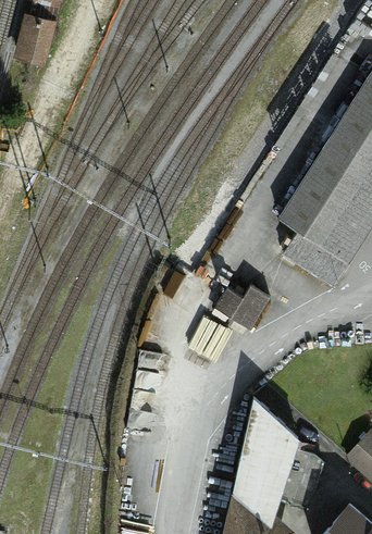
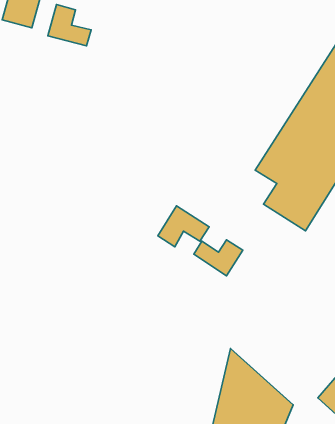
building: none -> [48,4,91,46]
building: none -> [158,206,209,247]

